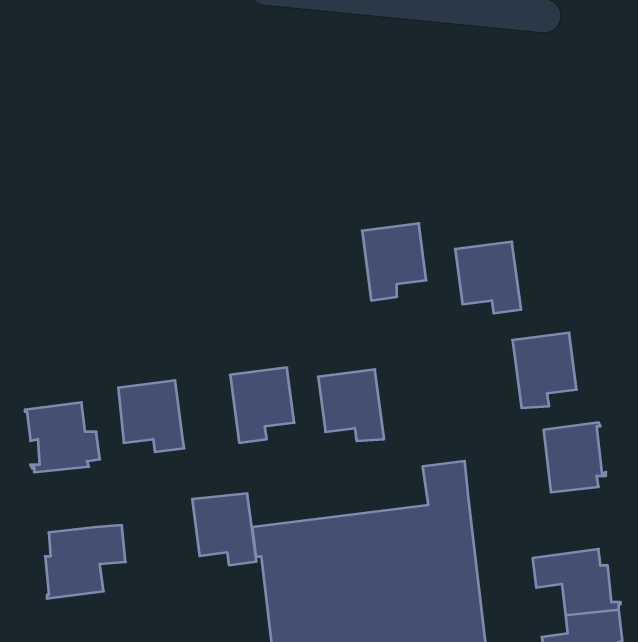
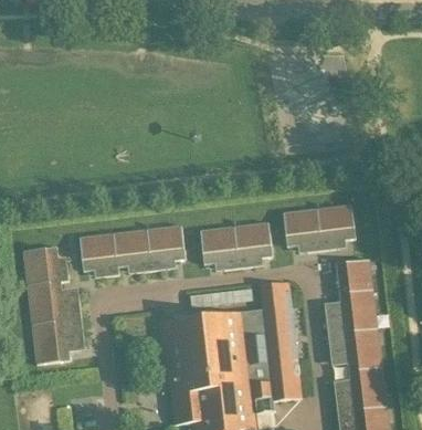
building: [362,223,426,300] -> [234,222,273,269]
building: [455,242,521,313] -> [283,209,323,252]
building: none -> [29,285,66,325]
building: none -> [325,297,373,340]
building: [192,494,256,565] -> [114,230,152,273]

